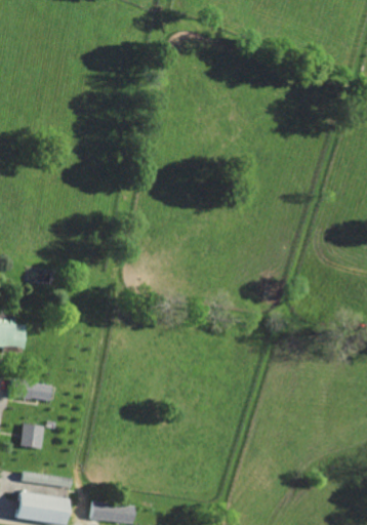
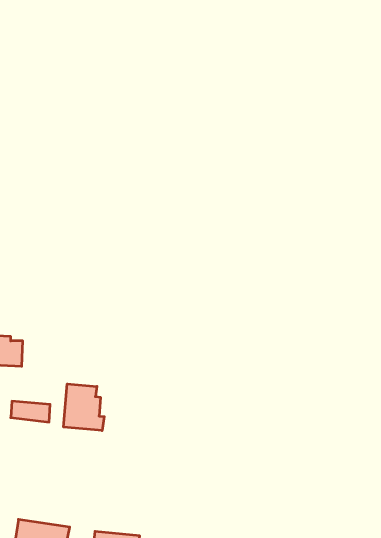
building: none -> [64,384,104,431]
building: [22,425,45,449] -> none

